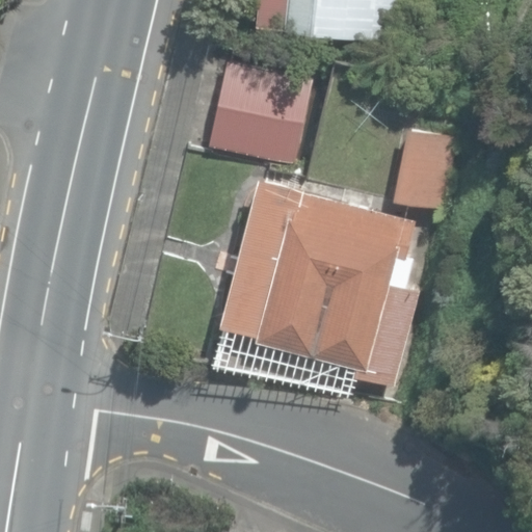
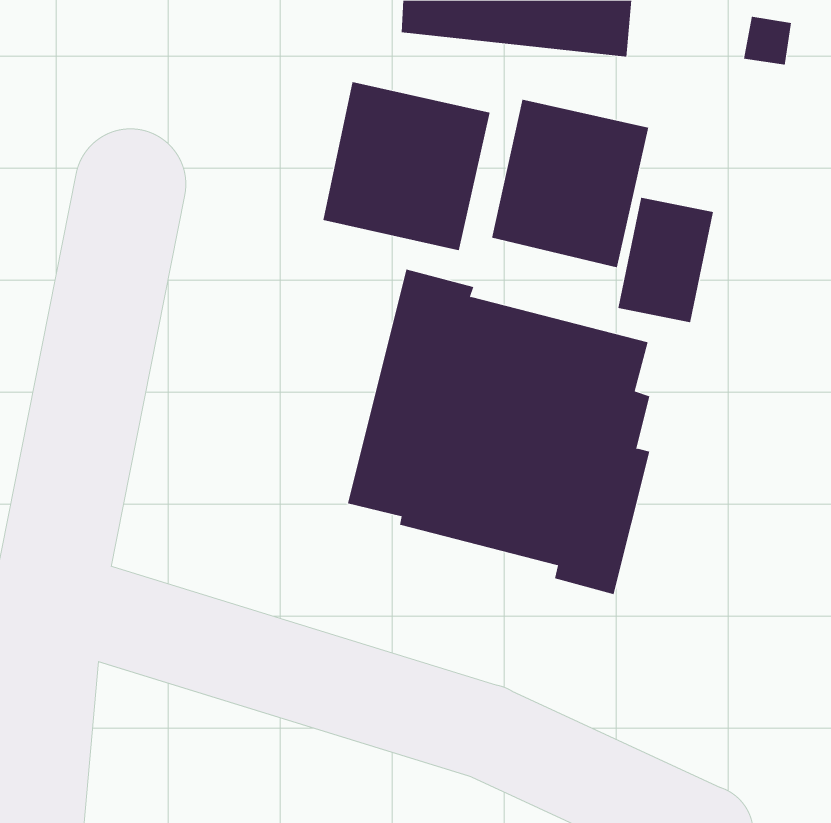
building: none -> [491,99,649,268]

